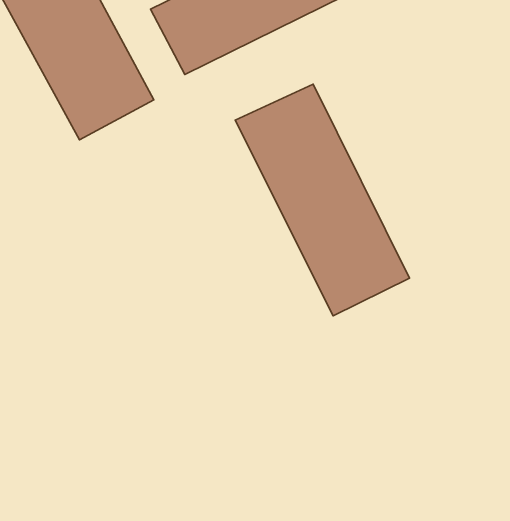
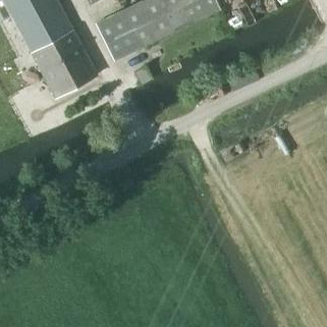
building: [235,84,409,316] -> none

